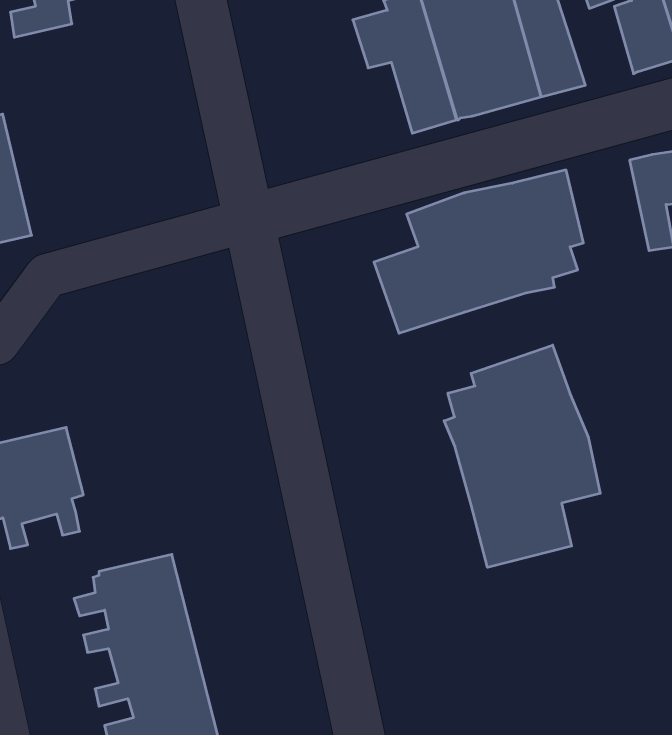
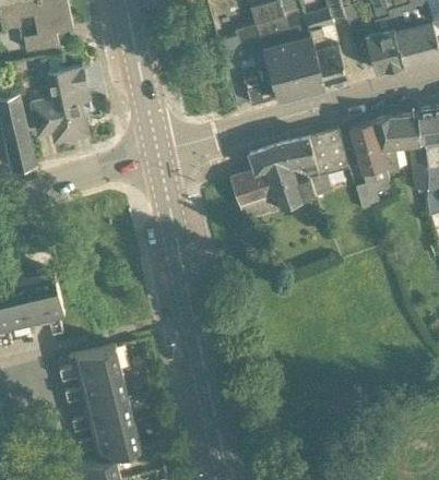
building: none -> [33,67,90,141]
building: none -> [349,122,390,212]
building: [444,345,600,567] -> none

